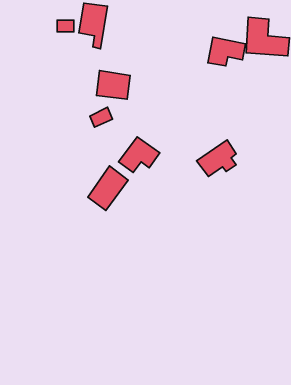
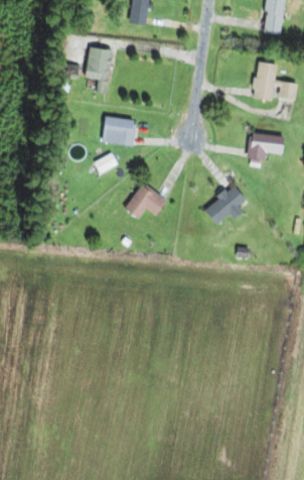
building: [208,37,246,66] -> [247,131,285,160]
building: [88,166,128,211] -> none

